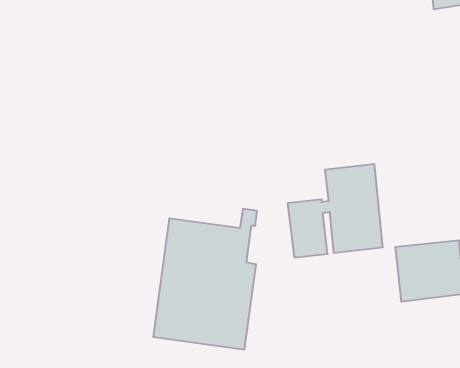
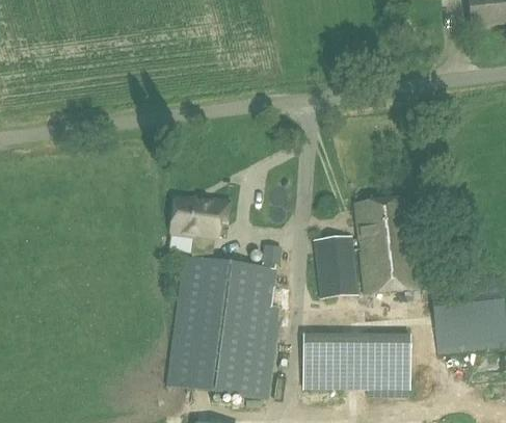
building: none -> [171,197,229,236]
building: none -> [304,328,410,394]

